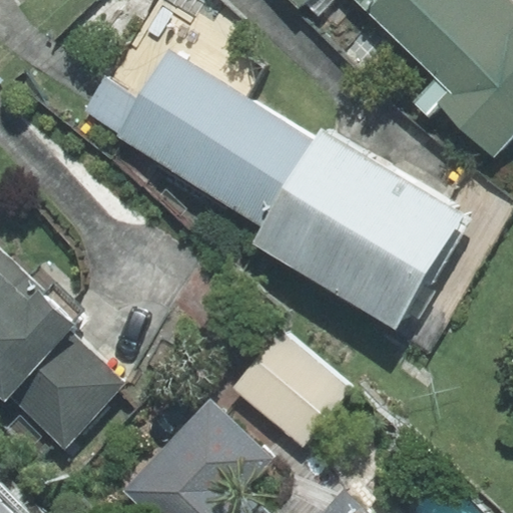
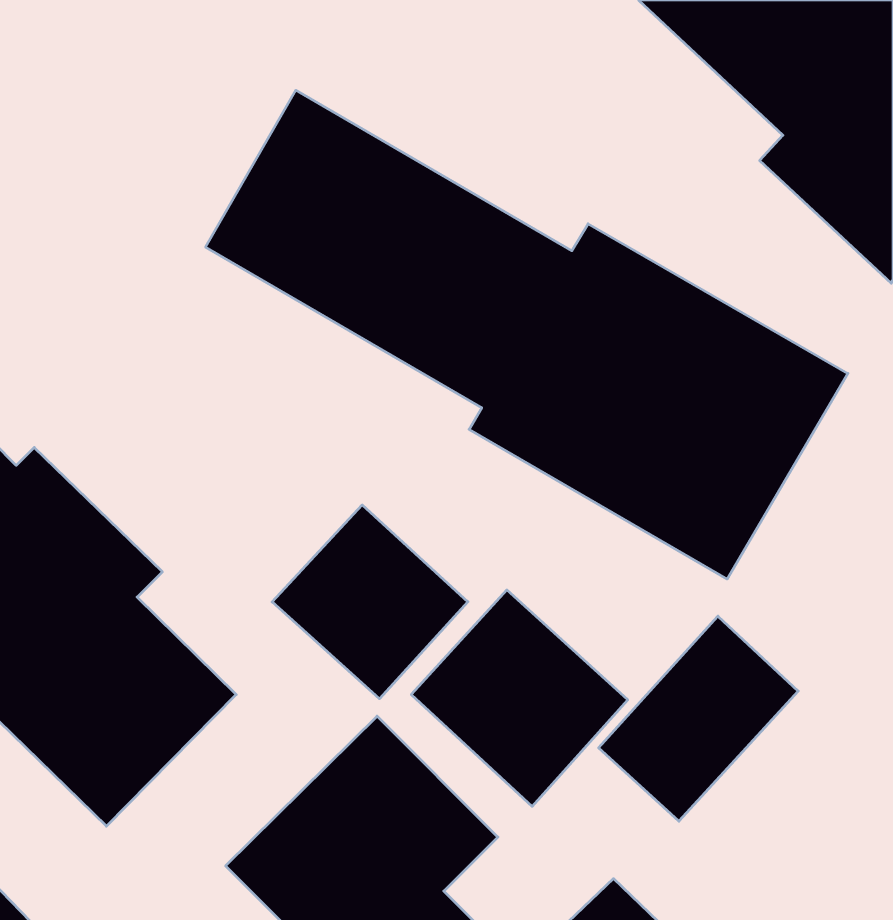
building: none -> [272,505,468,699]
building: none -> [599,616,798,821]

